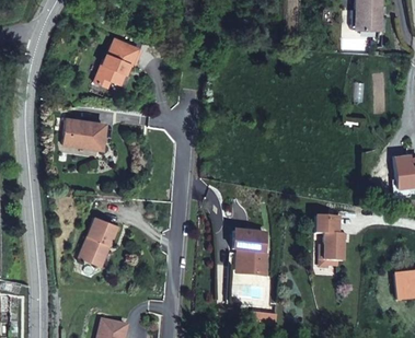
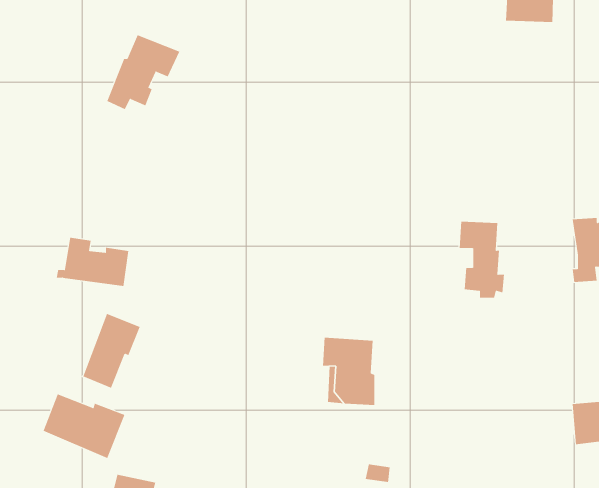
building: [58,116,105,148] -> [56,237,129,287]
building: [312,213,342,263] -> [459,221,505,298]
building: none -> [43,393,125,459]

